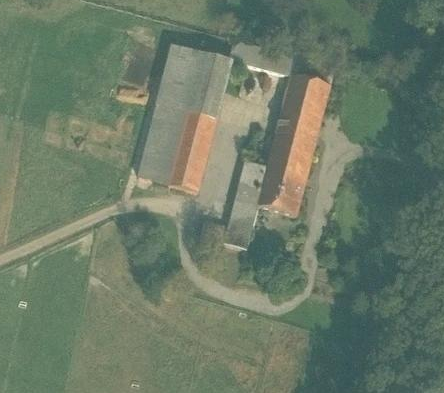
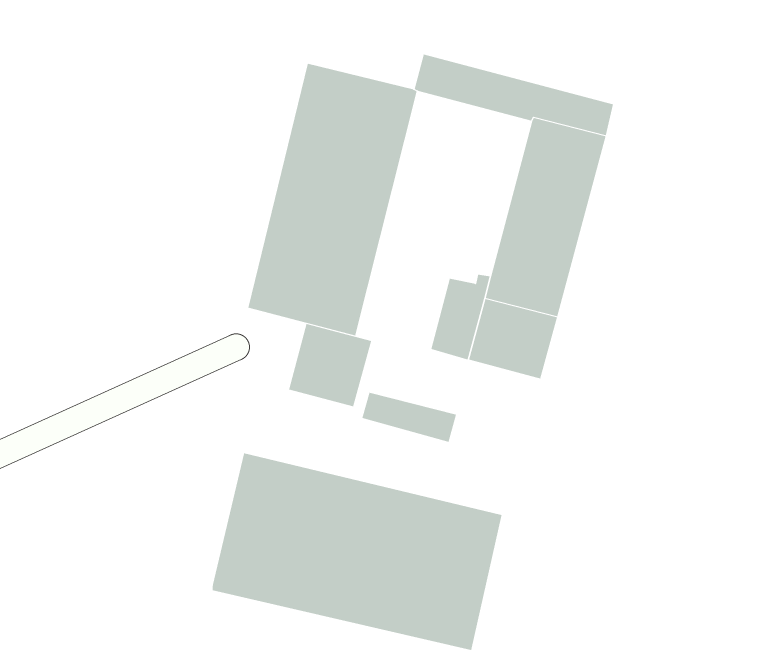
building: none -> [288,323,372,407]
building: [234,199,258,229] -> none
building: none -> [212,453,502,651]

